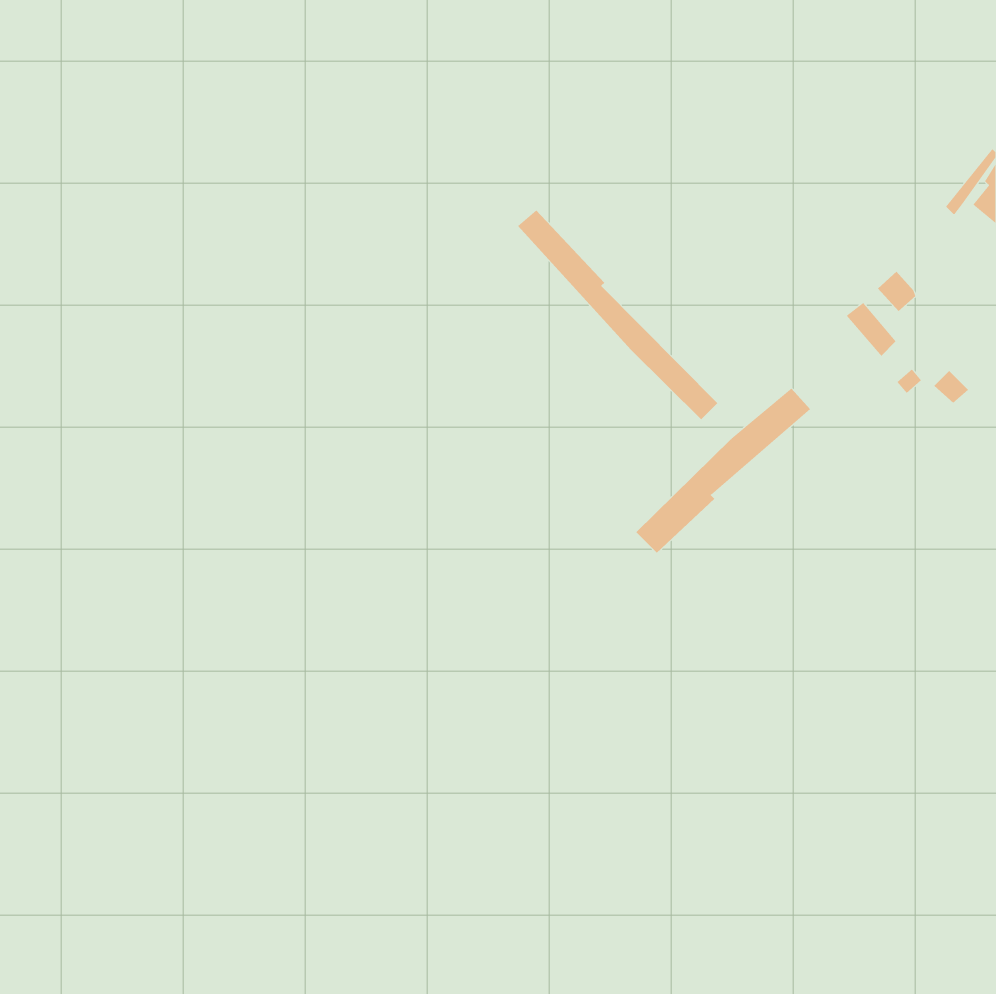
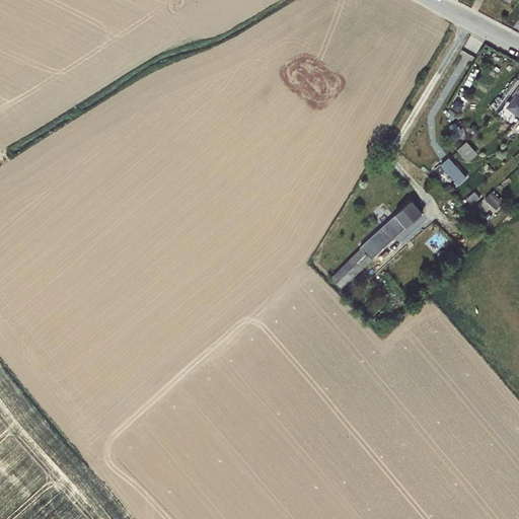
building: [517,210,718,420] -> none

